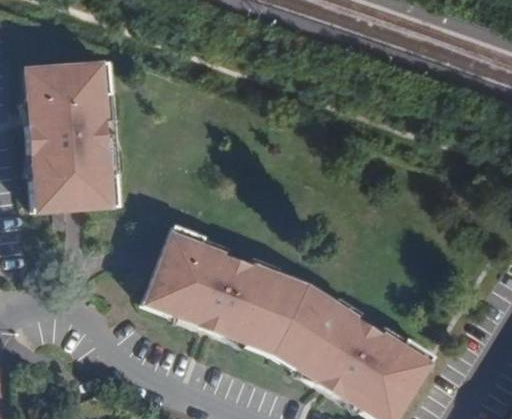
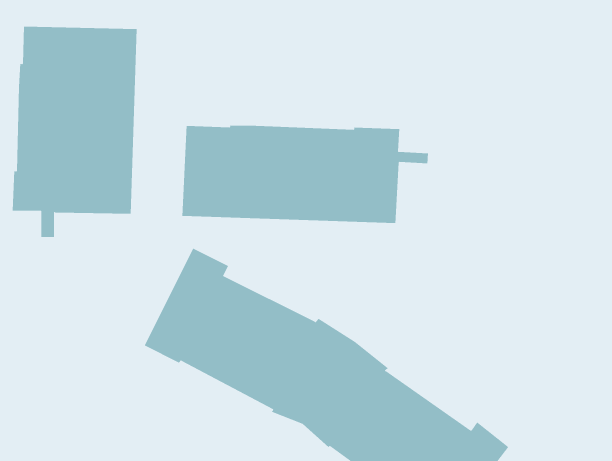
building: none -> [182,125,429,224]

